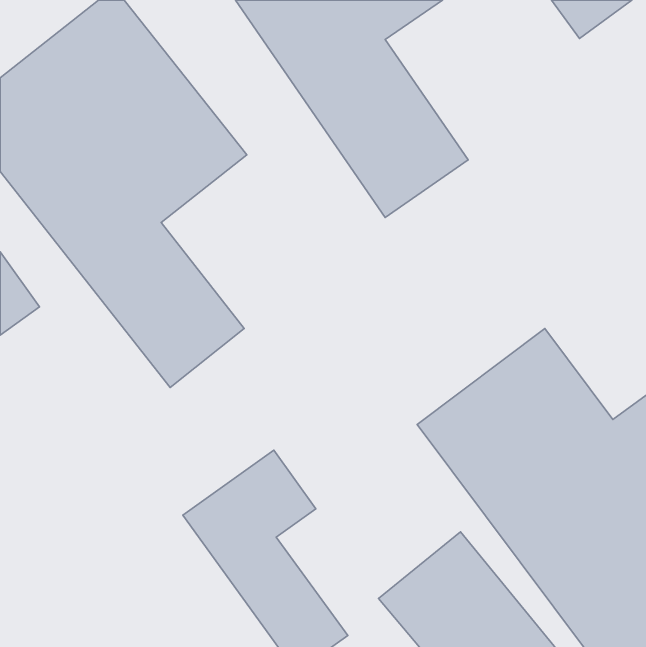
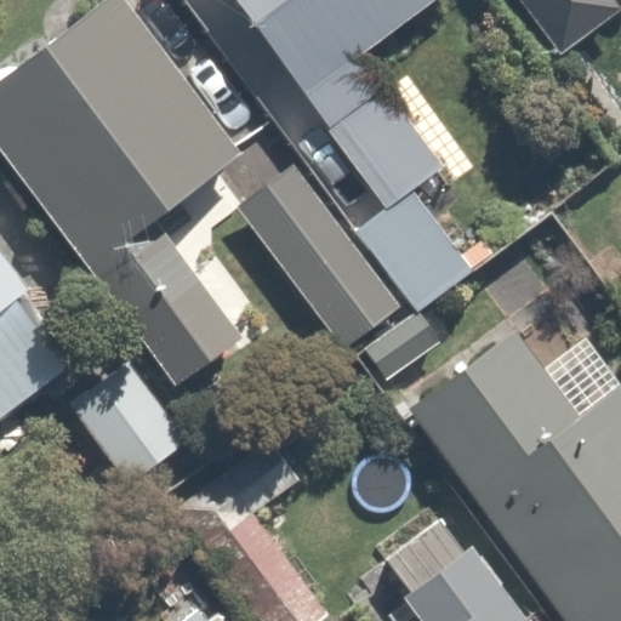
building: none -> [226,158,412,360]
building: none -> [63,358,198,497]

